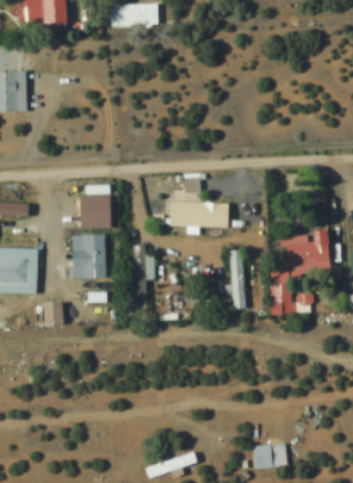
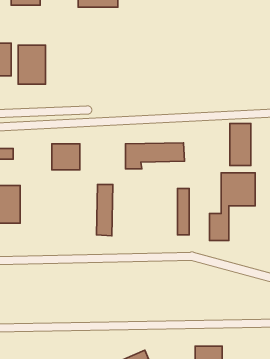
building: none -> [18,45,45,84]
building: none -> [230,124,251,166]
building: [73,233,107,277] -> none

